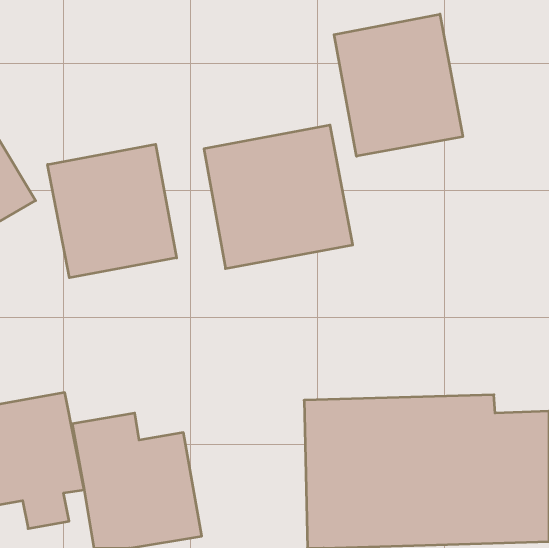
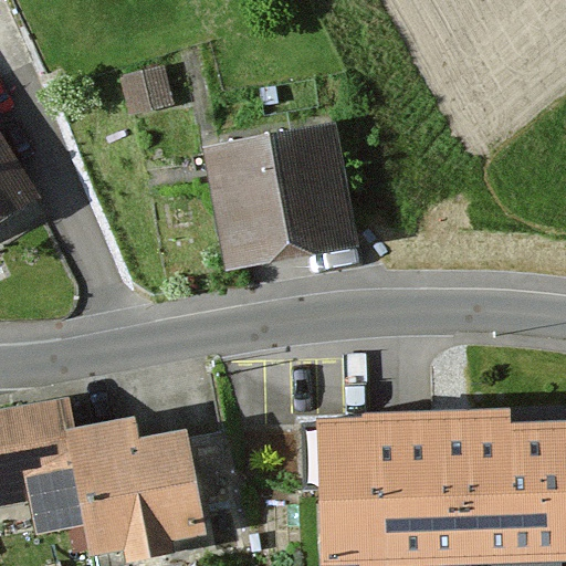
building: [334,14,463,156] -> none
building: [48,144,177,278] -> none

